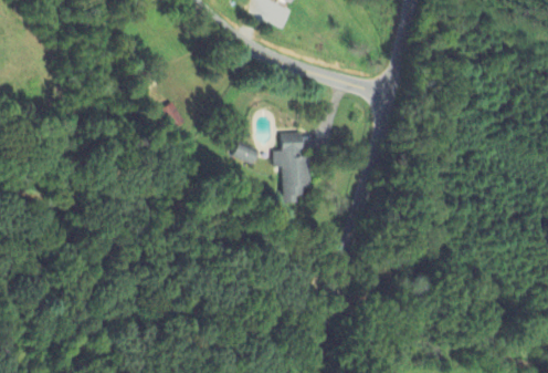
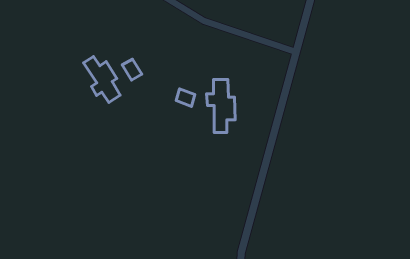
building: none -> [84,56,120,103]

